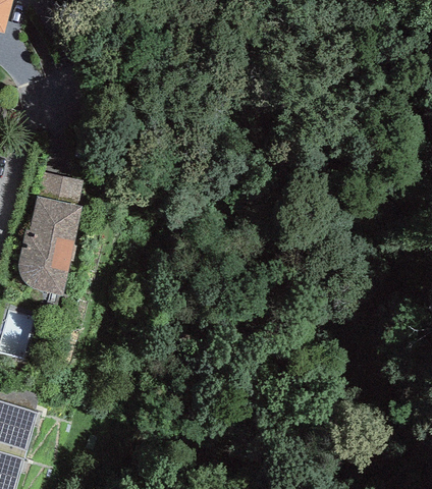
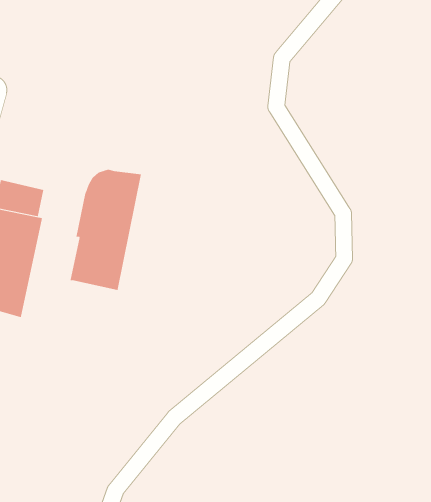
building: none -> [70,169,142,291]

